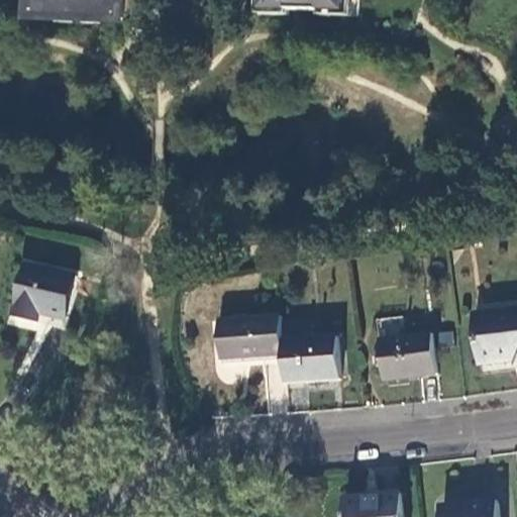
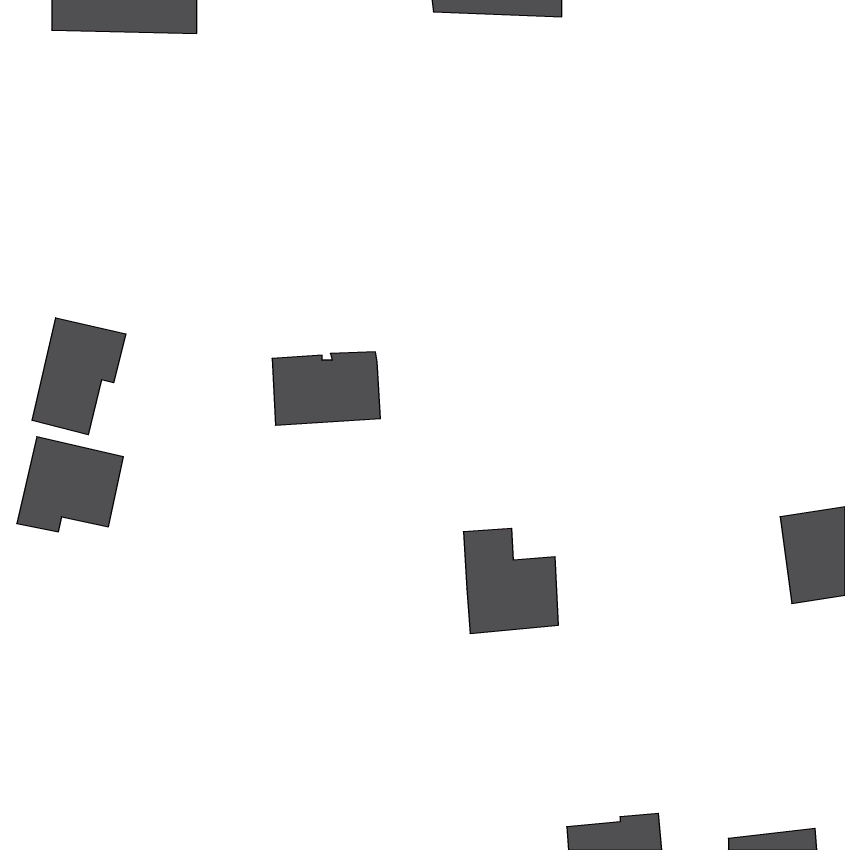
building: none -> [32,318,126,435]
building: [217,316,283,360] -> [272,352,380,425]
building: [379,334,435,382] -> none

